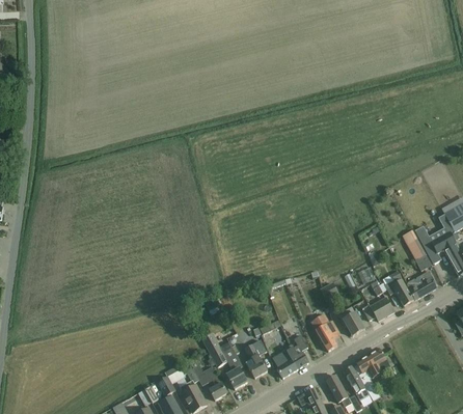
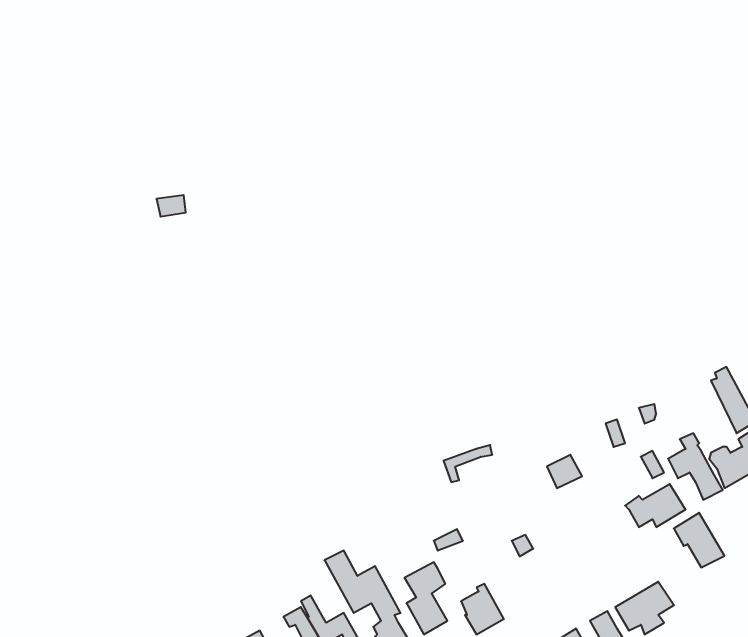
building: [338,306,365,335] -> [674,513,724,567]
building: [311,313,341,351] -> none
building: [287,334,309,369] -> none

